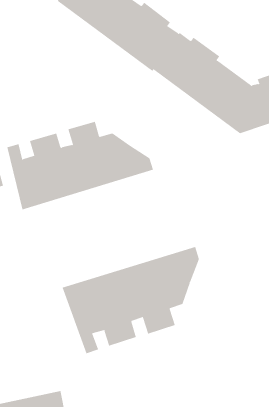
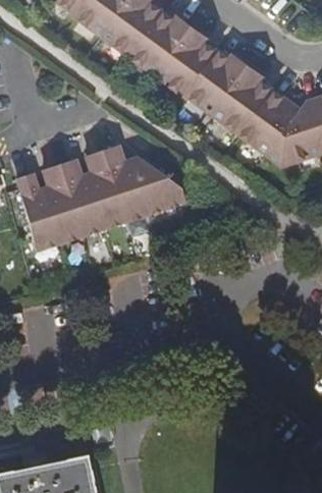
building: [62,246,199,354] -> none

